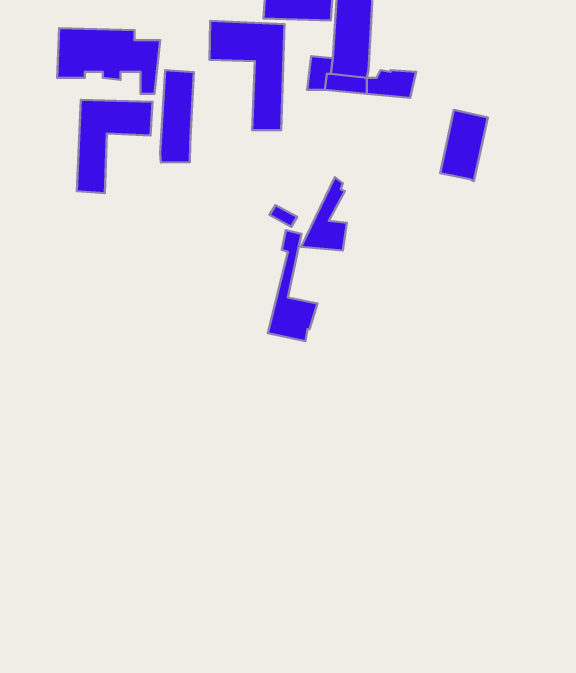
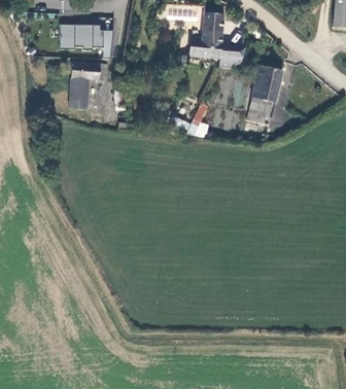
building: [209,21,284,130] -> none
building: [160,70,194,162] -> none
building: [268,230,318,341] -> [248,64,274,121]

